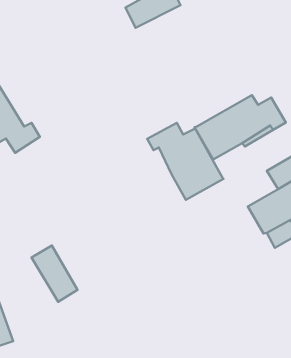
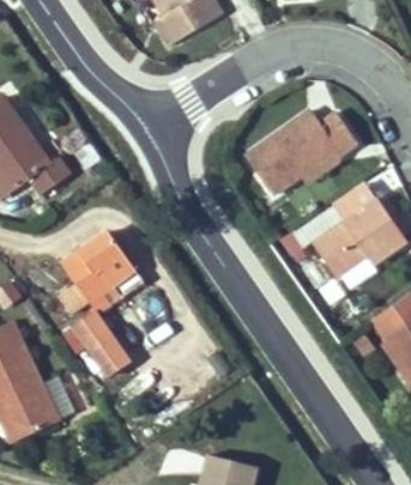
building: [147,123,224,200] -> none
building: none -> [55,219,137,304]

